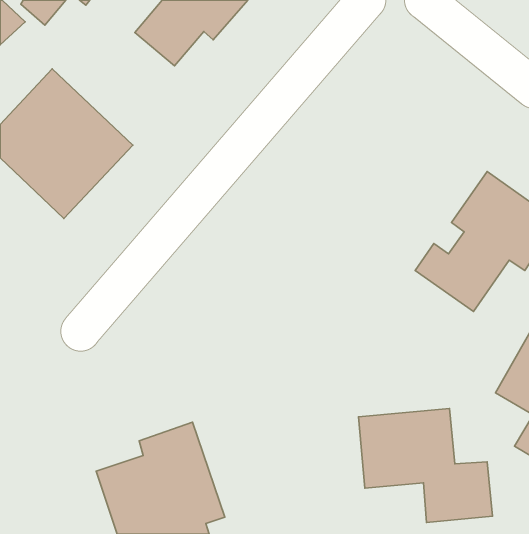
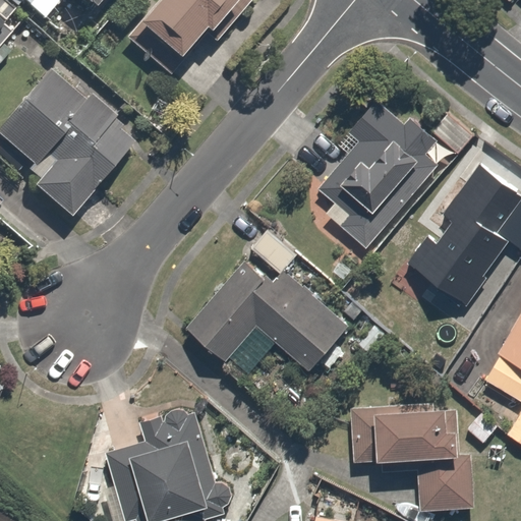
building: none -> [317,89,457,253]
building: none -> [185,222,361,374]

